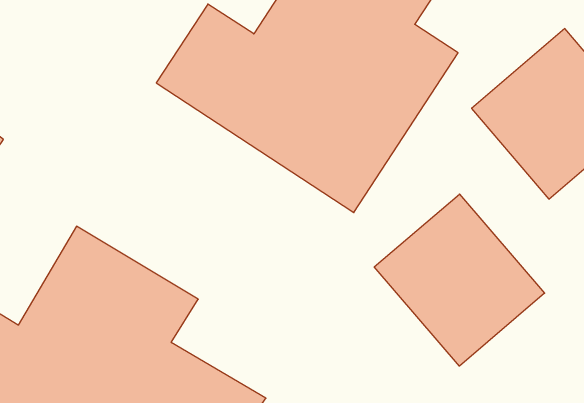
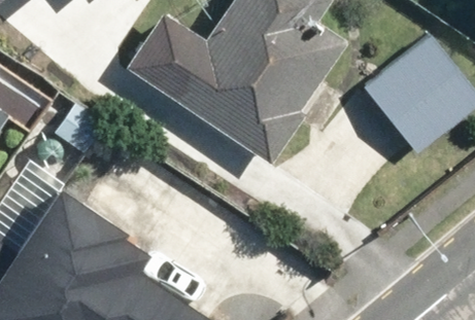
building: [374,194,545,366] -> none

